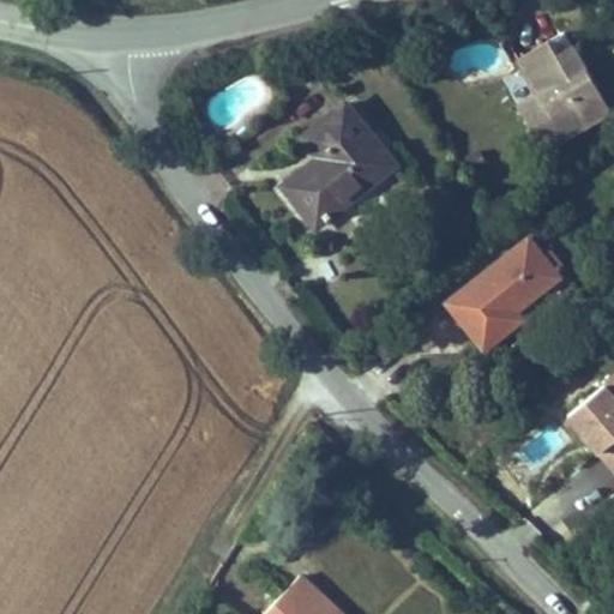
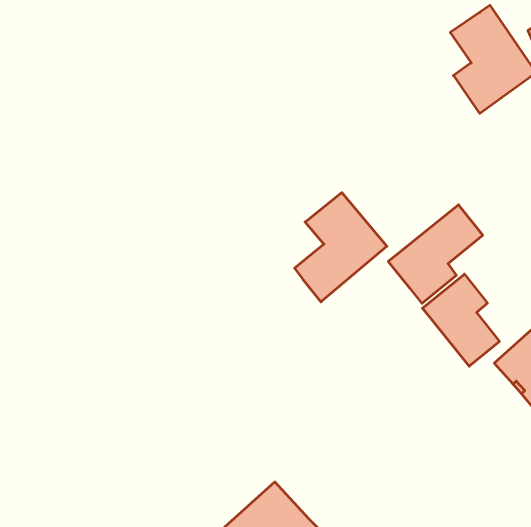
building: [279,104,385,229] -> [295,193,387,302]
building: none -> [422,274,499,366]

